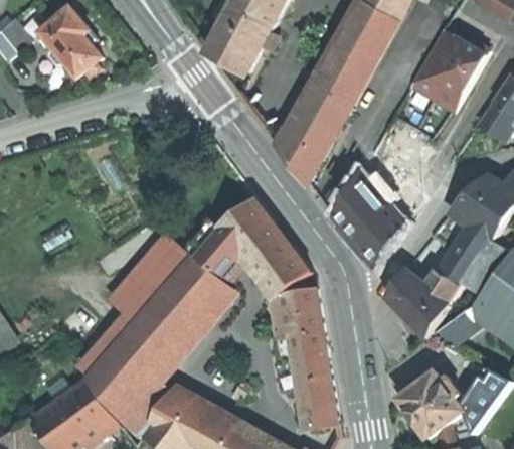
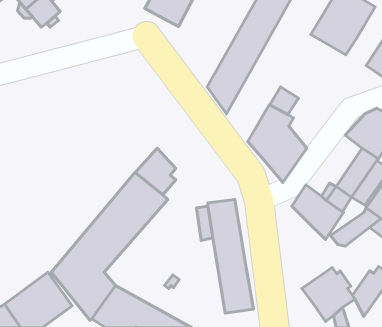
building: [219,198,309,296] -> none
building: [78,236,190,377] -> none

